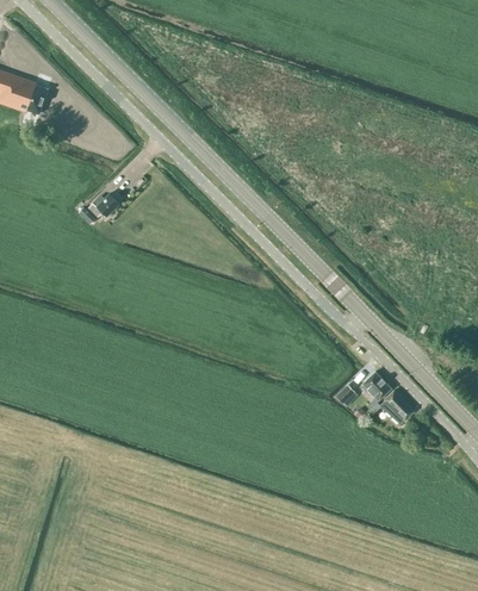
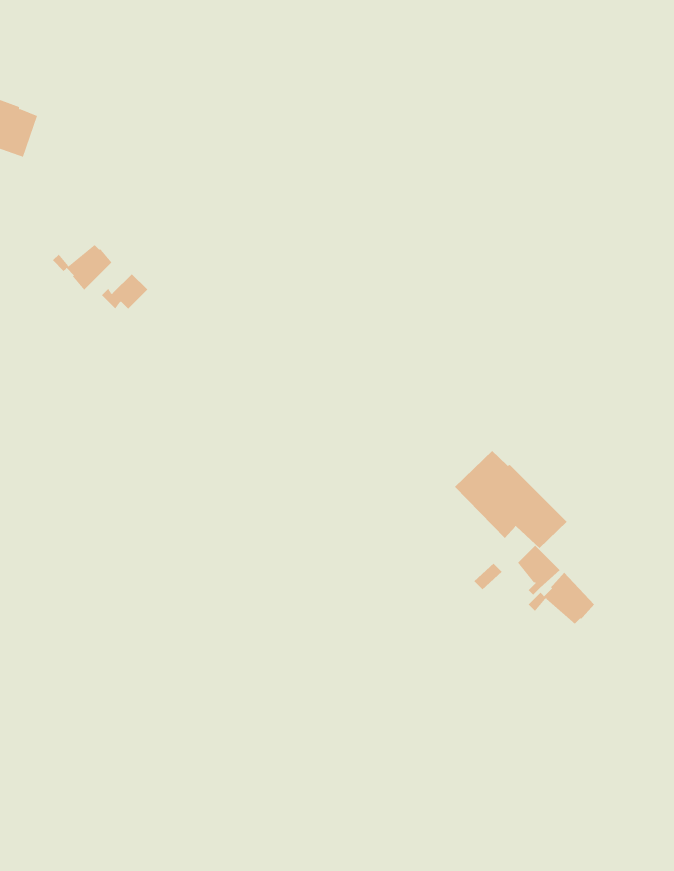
building: none -> [52,244,112,291]
building: none -> [454,450,567,549]

